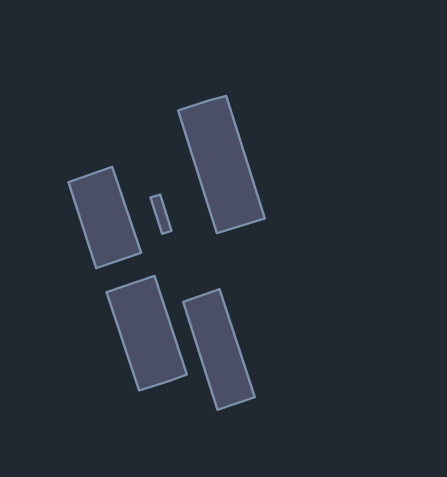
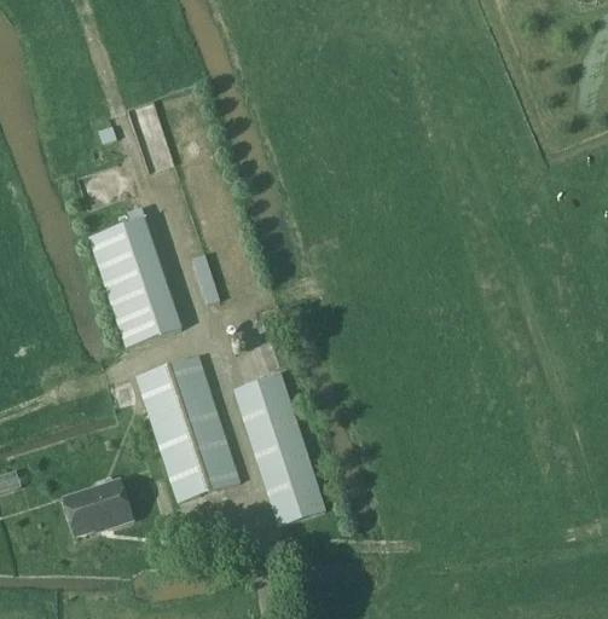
building: [178,96,265,233] -> none
building: none -> [63,478,131,534]

